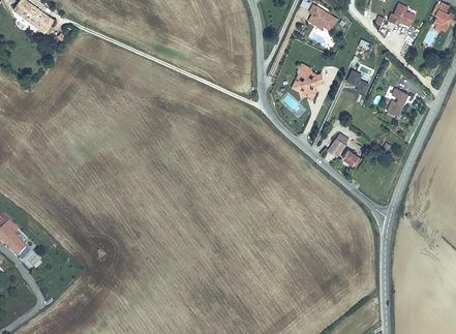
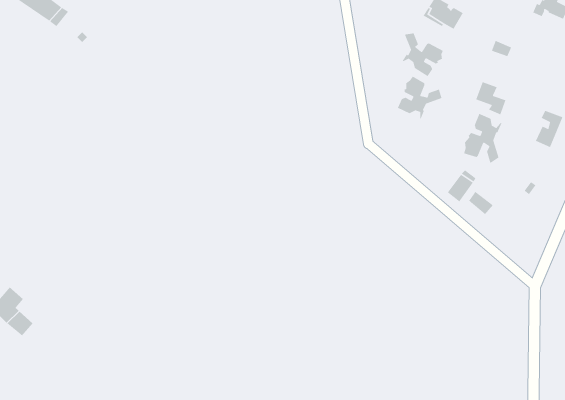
building: none -> [401,33,444,77]
building: none -> [463,113,503,164]

